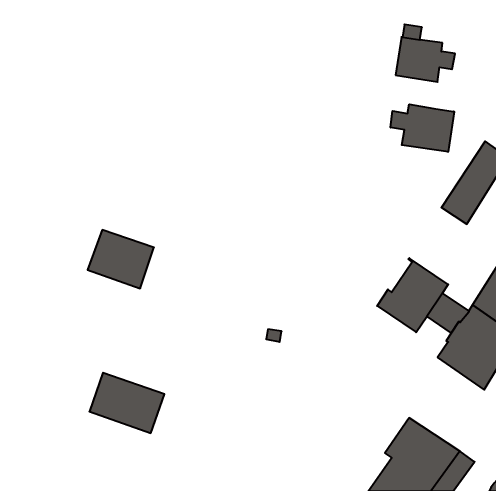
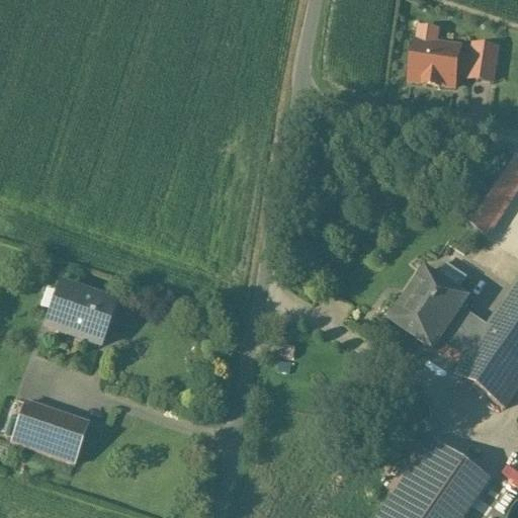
building: none -> [471,42,499,78]
building: [391,104,454,152] -> none
building: [88,230,154,288] -> [46,282,114,343]
building: [89,373,164,433] -> [11,399,89,461]

